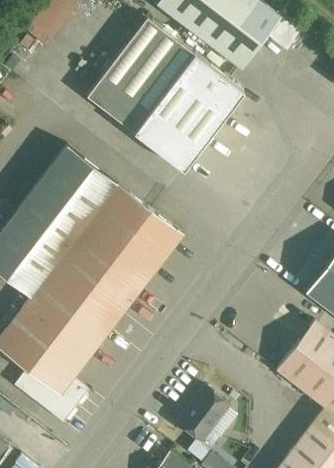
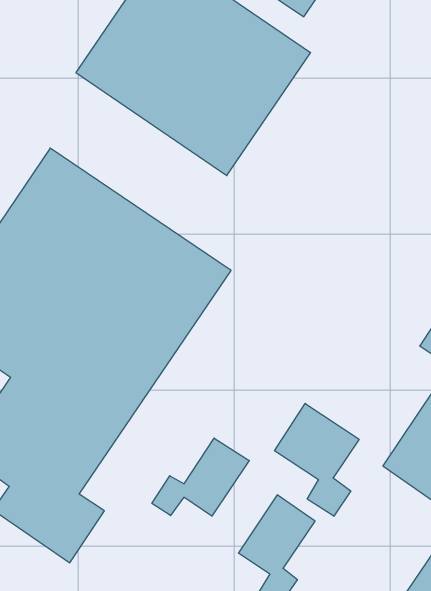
building: none -> [275,403,359,516]
building: none -> [152,438,249,516]

